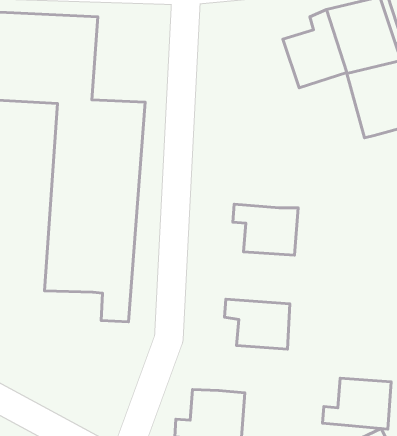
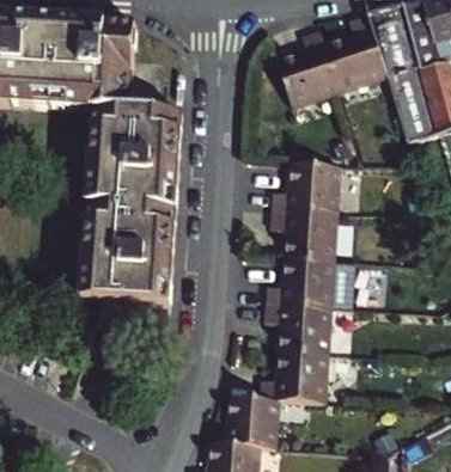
building: none -> [273,30,339,110]
building: none -> [273,165,341,214]
building: none -> [264,258,356,312]
building: [323,378,391,429] -> [257,353,327,404]

